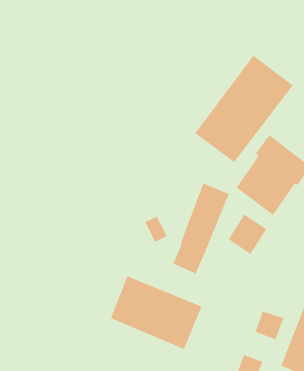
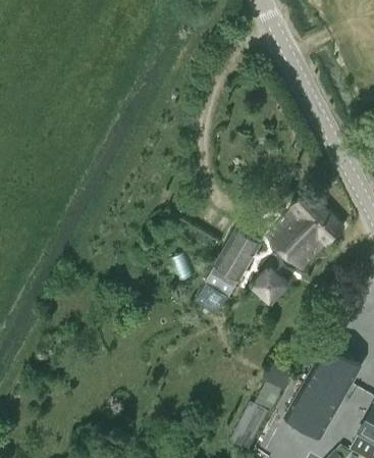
building: [195,55,294,163] -> none
building: [110,276,202,350] -> none

